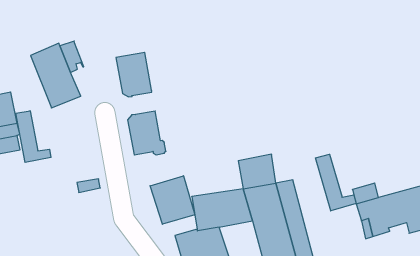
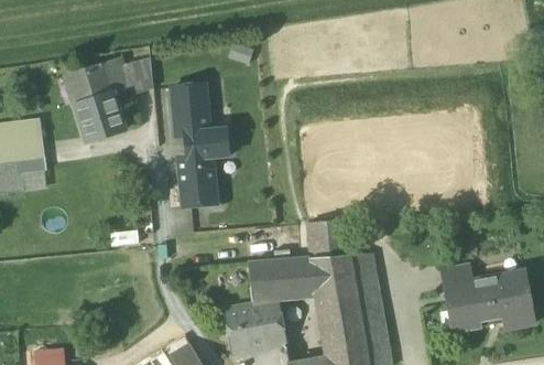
building: none -> [121,57,153,95]
building: none -> [185,128,229,158]
building: [16,111,51,162] -> none
building: [315,154,356,211] -> none
building: [150,176,195,224] -> none

